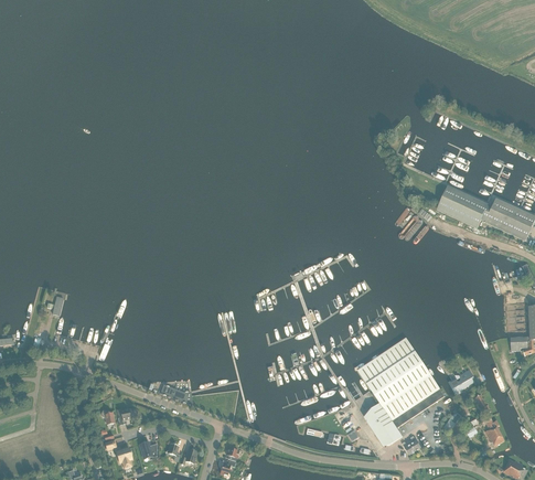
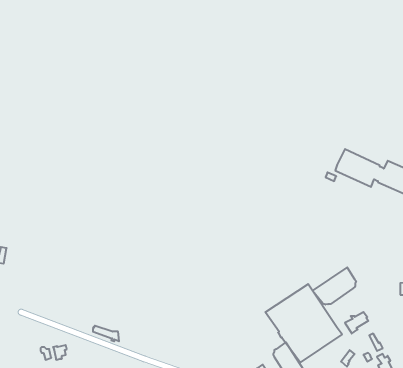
building: none -> [313,267,356,305]

